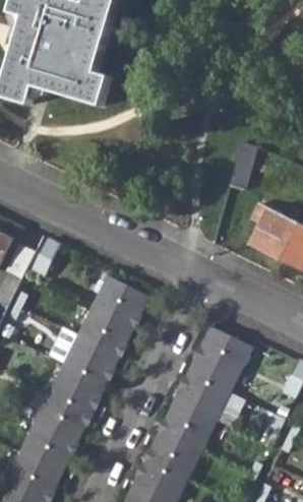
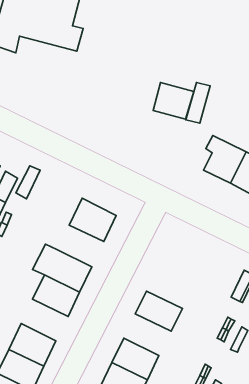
building: none -> [153,82,194,119]
building: [77,307,132,356] -> none
building: [182,327,252,404] -> none
building: [36,393,90,442] -> none
building: [156,411,210,459] -> none

